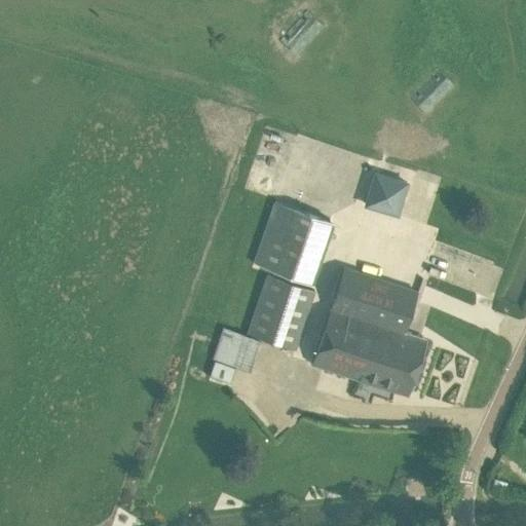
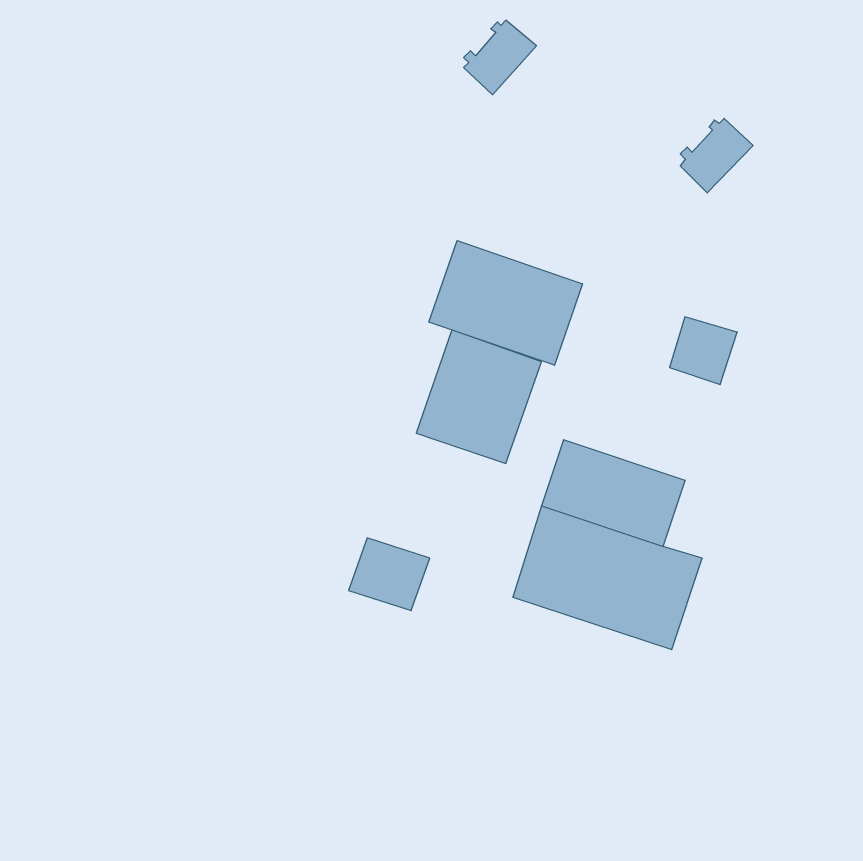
building: none -> [429,241,582,365]
building: [367,176,408,217] -> [670,317,737,384]
building: [248,276,315,351] -> none

